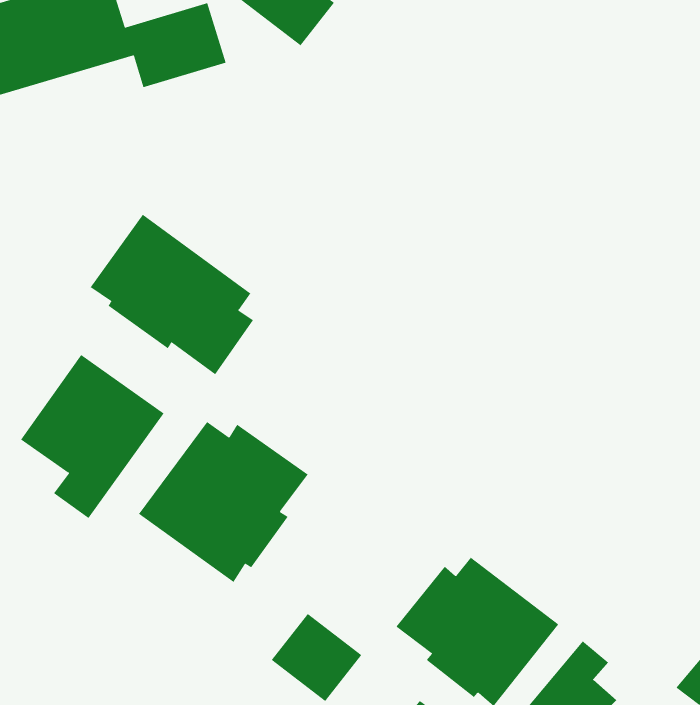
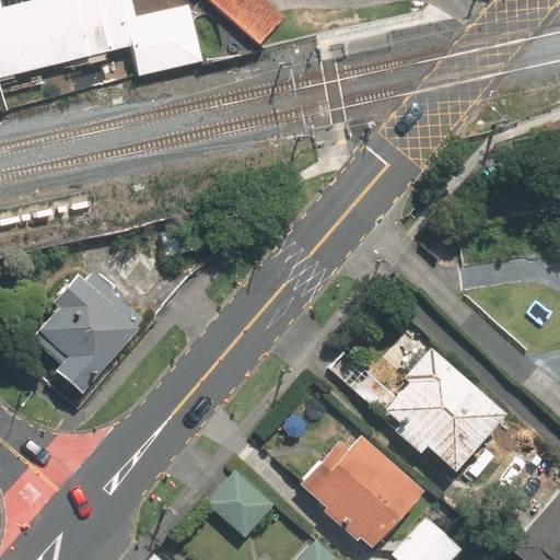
building: [90,214,254,375] -> none
building: [138,421,309,583] -> none
building: none -> [386,347,508,471]

